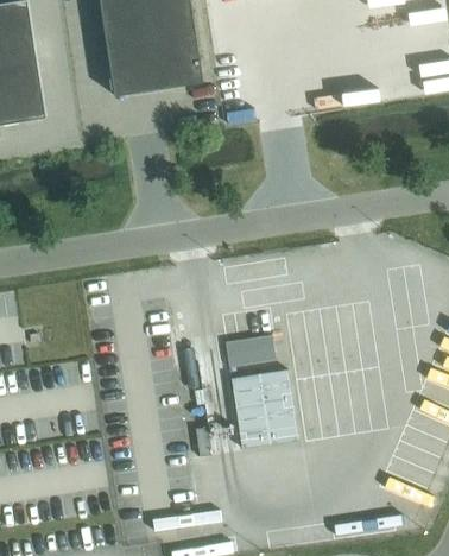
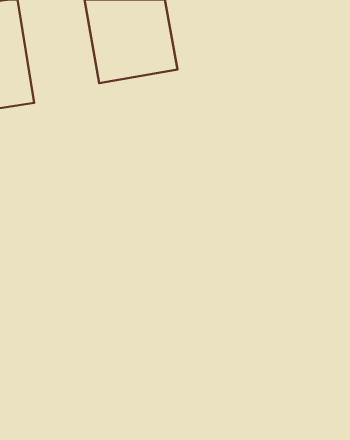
building: [224,335,276,367] -> none
building: [230,369,298,448] -> none

